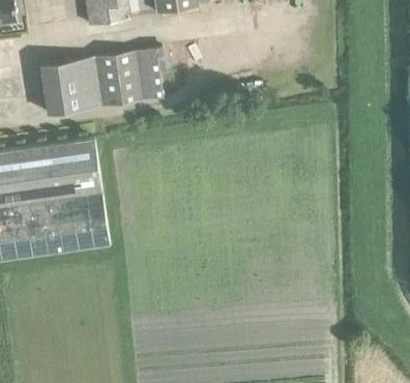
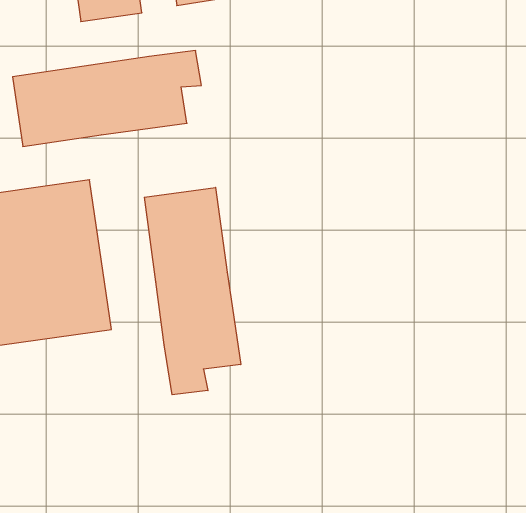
building: none -> [144,187,241,395]

